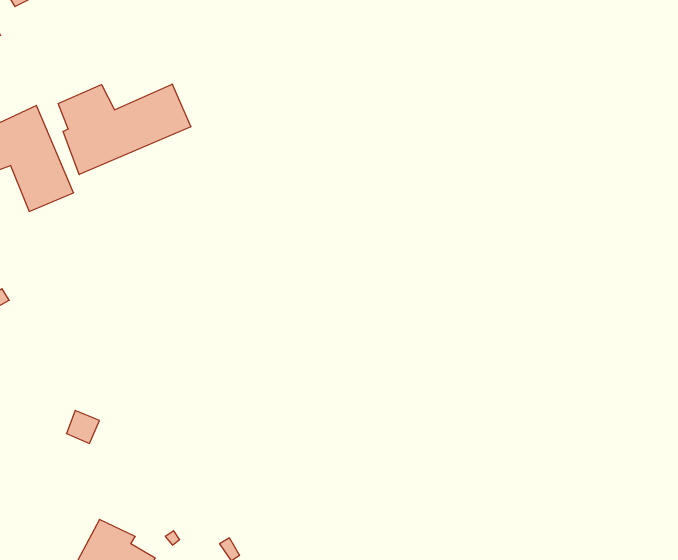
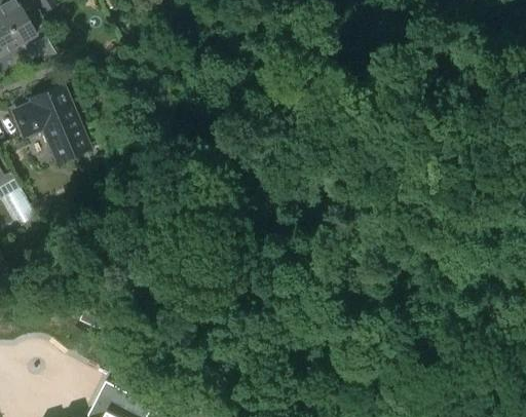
building: [58,84,191,175] -> none

